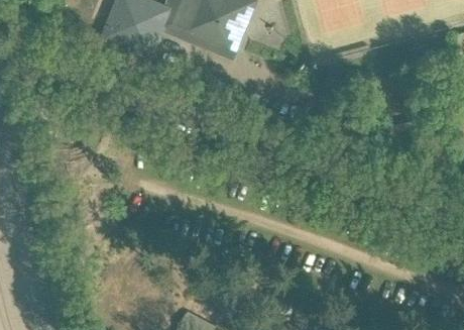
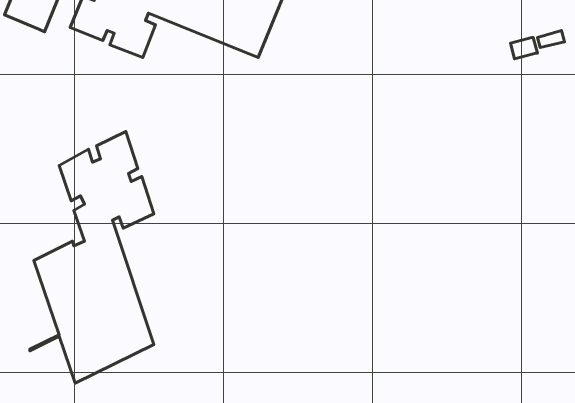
building: none -> [30,131,154,383]

